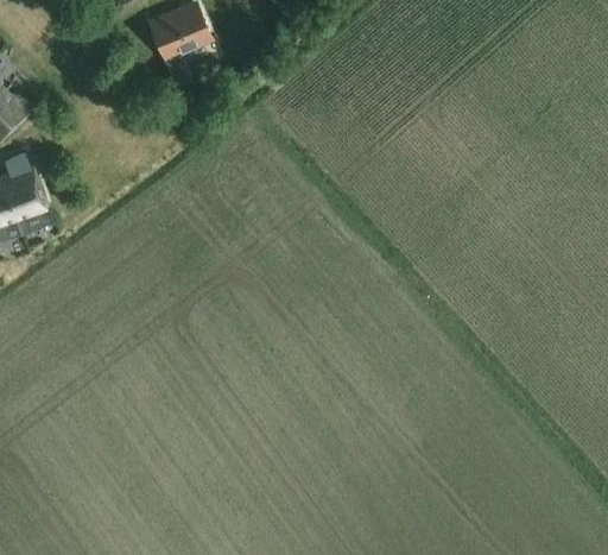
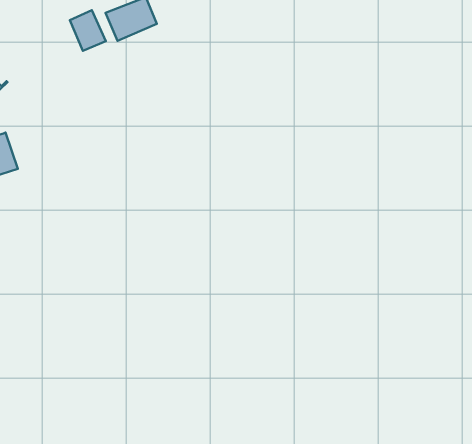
building: none -> [70,10,106,51]

